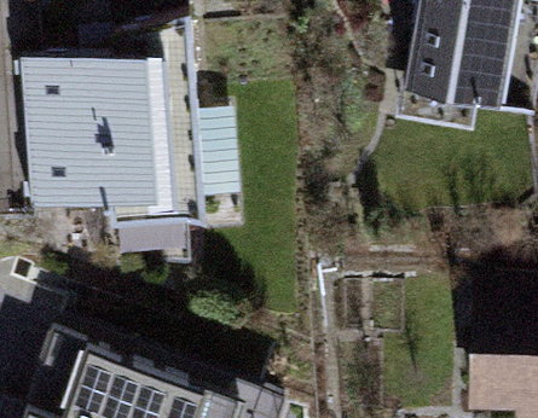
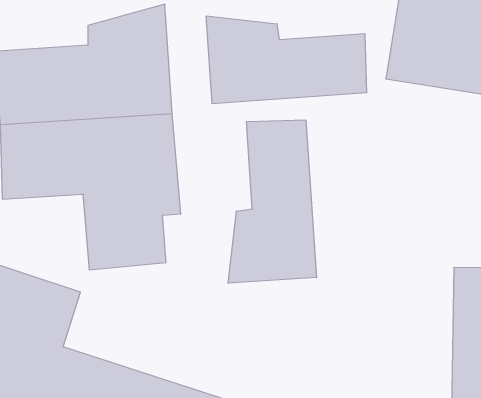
building: none -> [206,16,367,104]
building: none -> [228,120,316,283]

